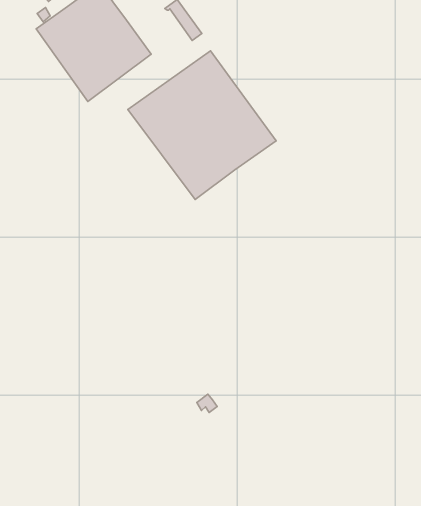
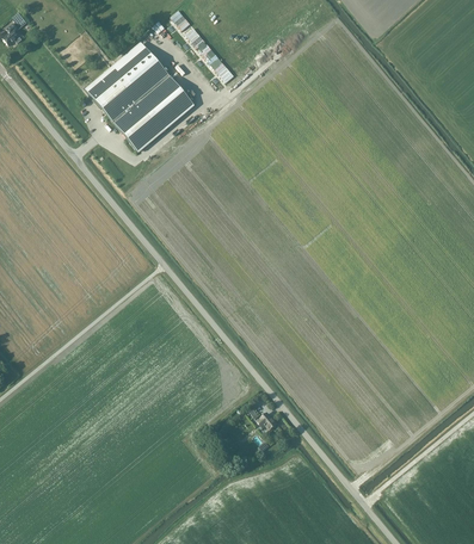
building: [128,51,276,200] -> none

